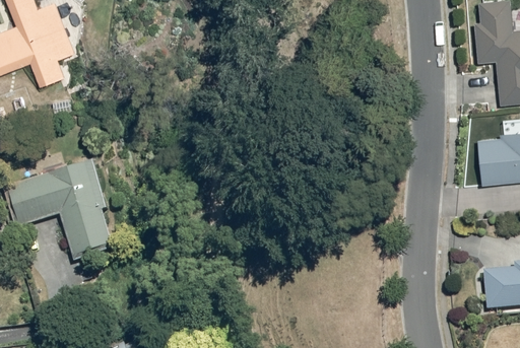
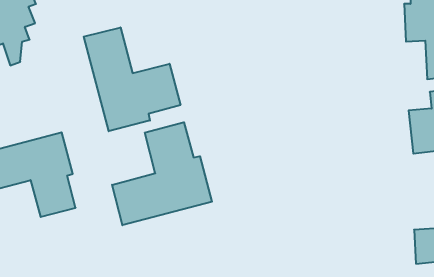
building: none -> [84,27,180,131]
building: none -> [112,122,212,225]

